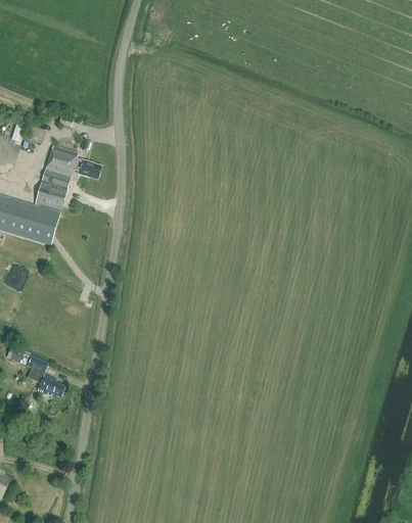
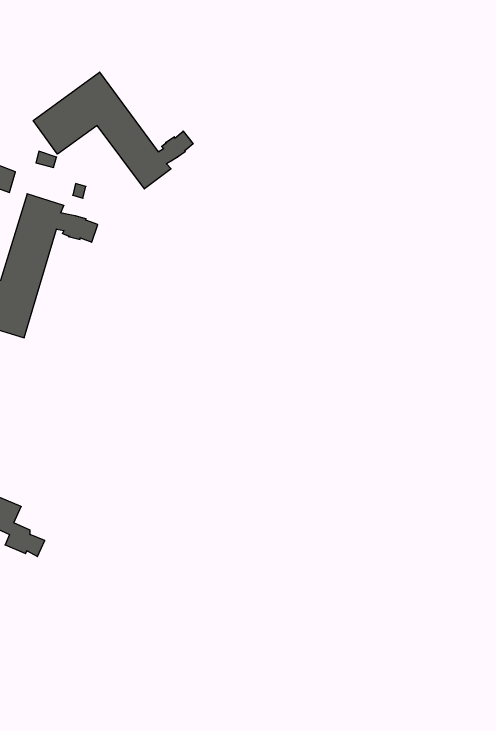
building: none -> [33,72,193,189]

